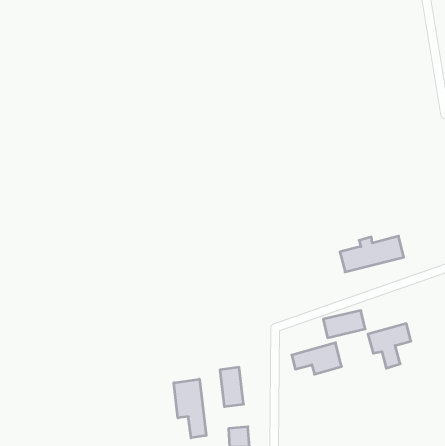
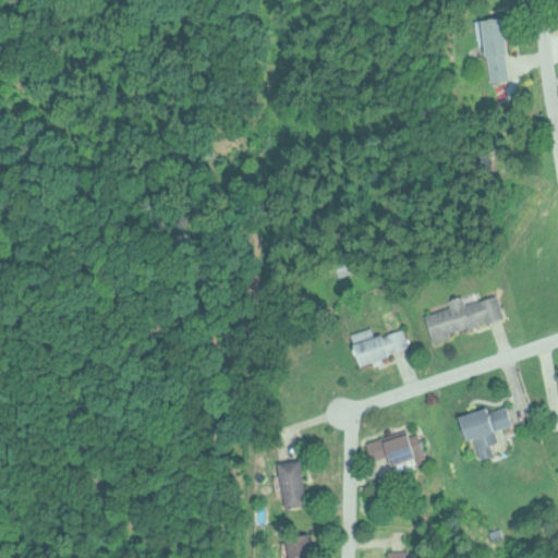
building: none -> [482,17,509,83]
building: [323,311,365,338] -> [355,330,408,364]
building: [174,379,206,438] -> none

